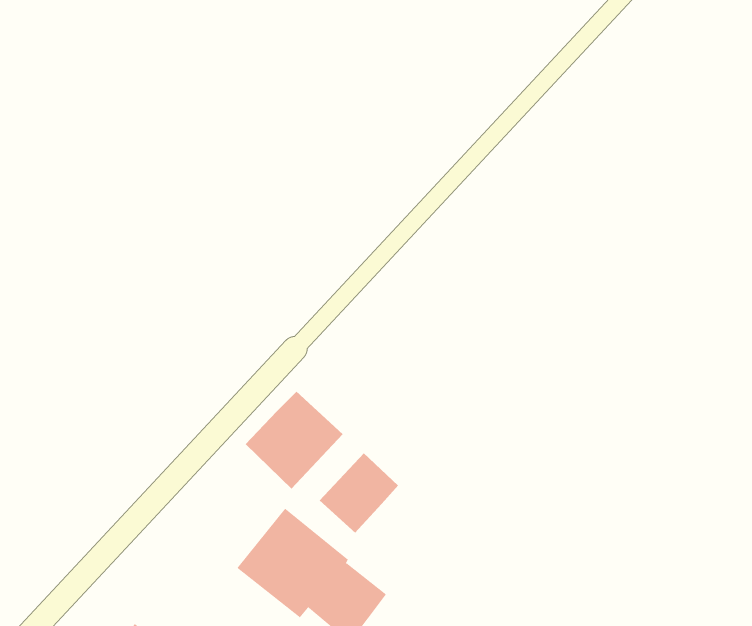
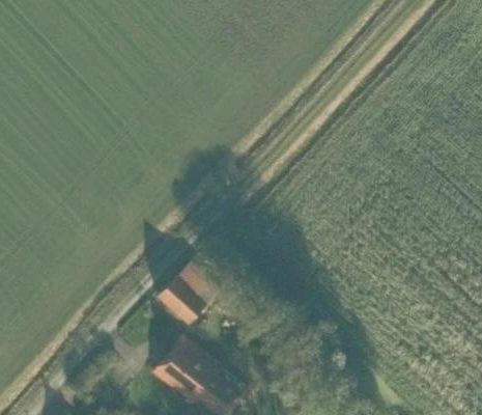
building: [319,453,399,533] -> none

